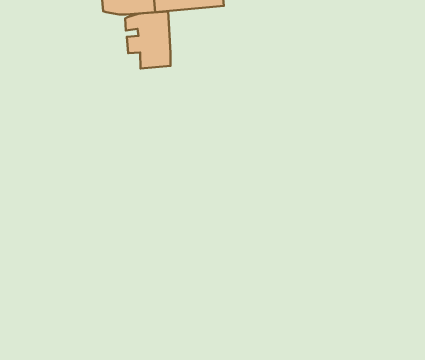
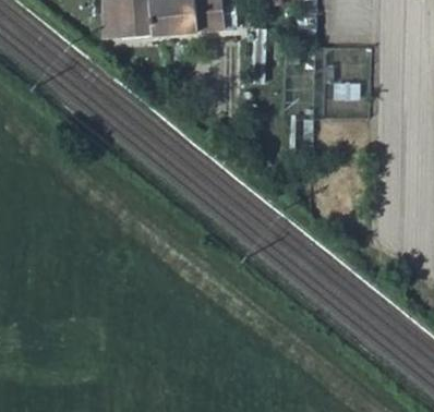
building: [125,11,171,68] -> none

